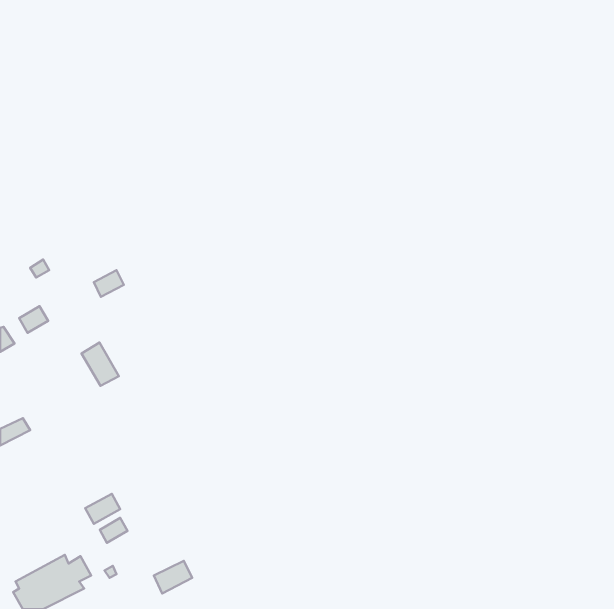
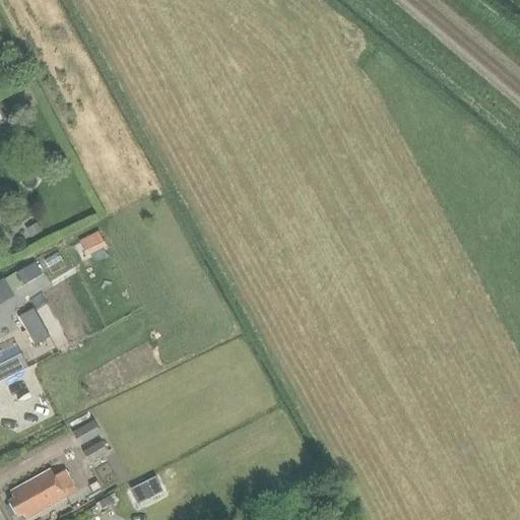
building: [81,343,119,386] -> [17,306,49,342]

